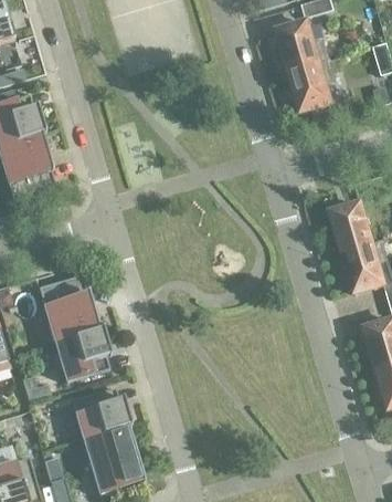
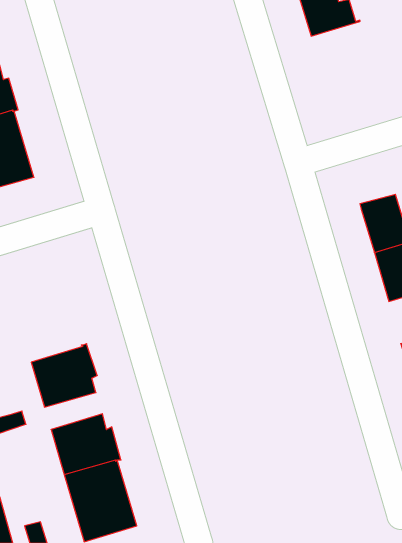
building: [288,57,332,111] -> none
building: [38,273,97,343] -> none

